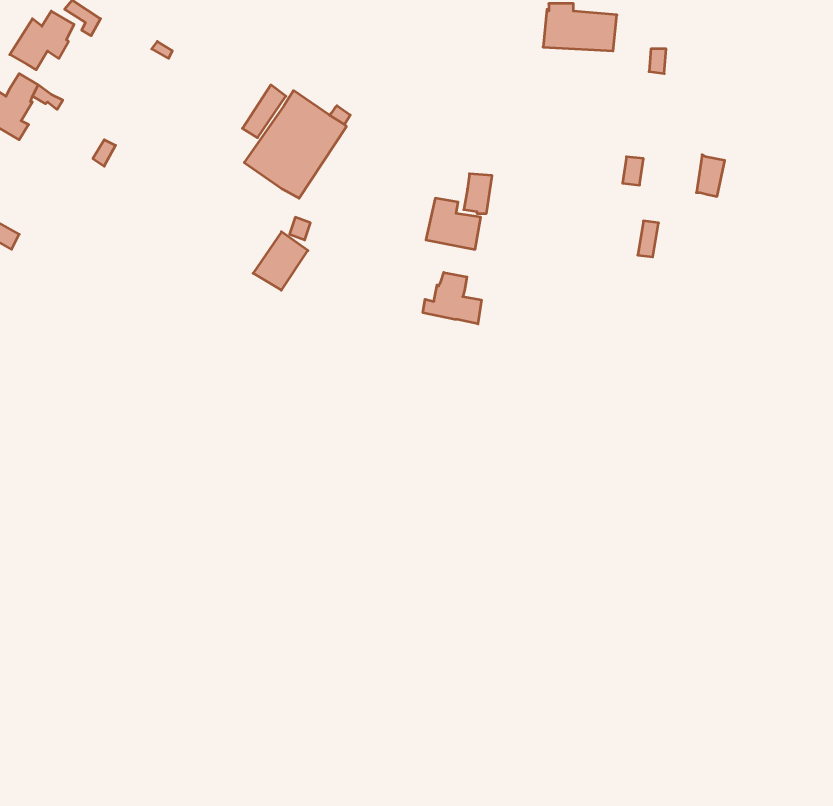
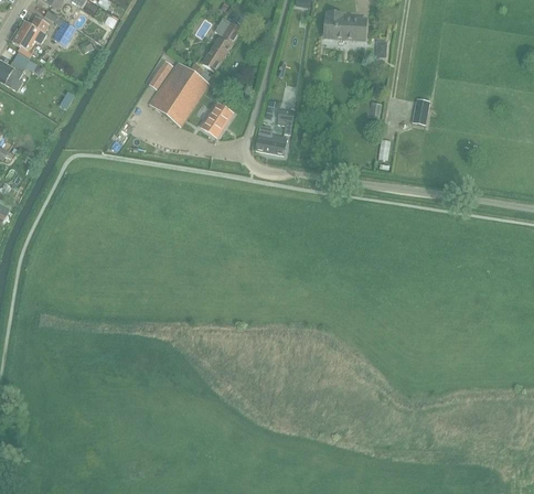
building: none -> [202,17,239,71]
building: [253,232,308,290] -> [200,101,232,136]
building: [423,272,481,324] -> none

